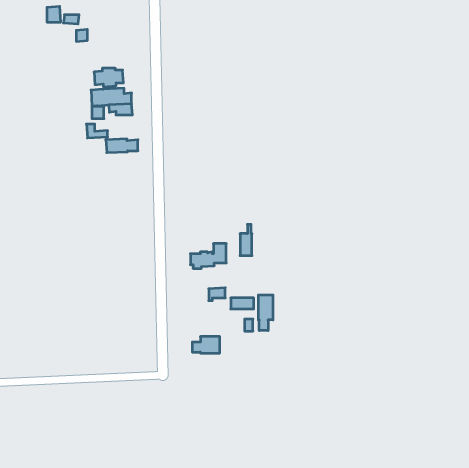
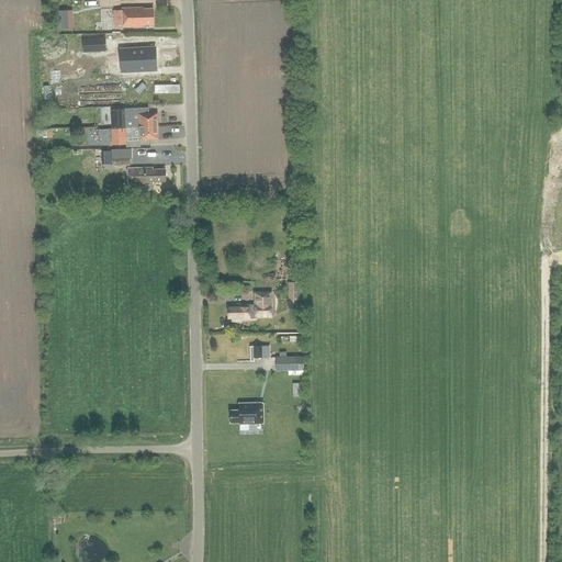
building: none -> [122,5,153,25]
building: [94,68,123,87] -> [120,47,155,69]
building: [258,295,273,331] -> none

